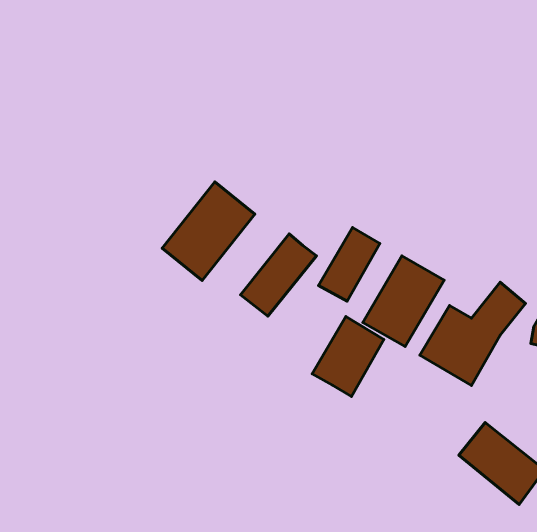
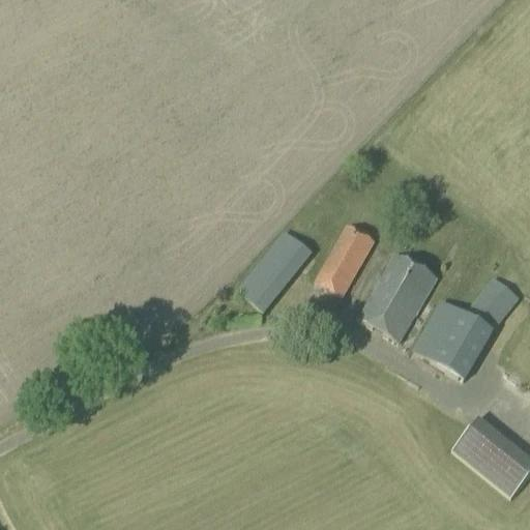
building: [162,182,255,280] -> none
building: [312,317,384,396] -> none

